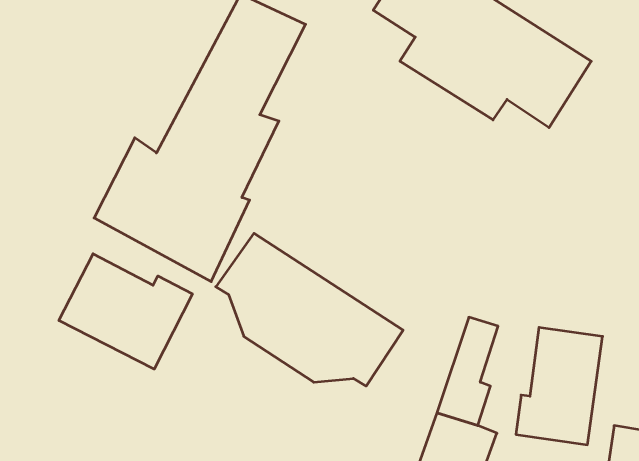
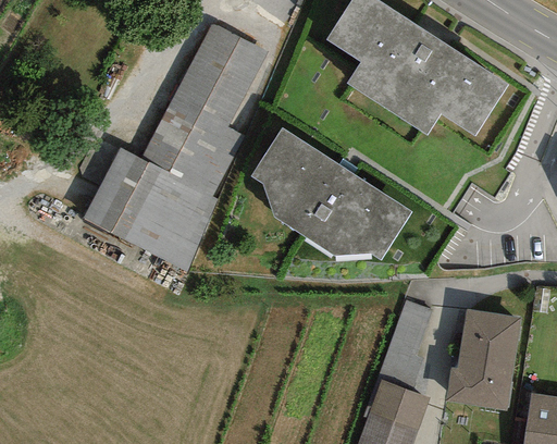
building: [216,233,403,386] -> [250,129,410,260]
building: [59,254,192,369] -> none

